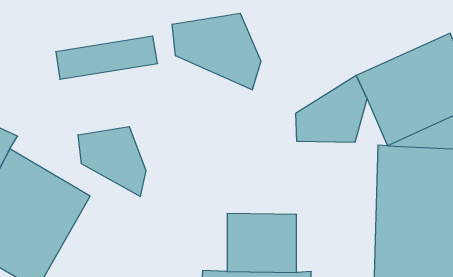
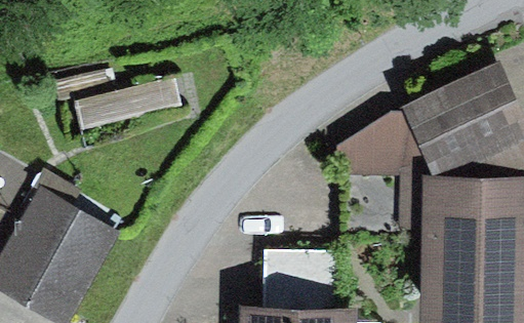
building: [172,13,261,90] -> none
building: [78,127,146,197] -> none

